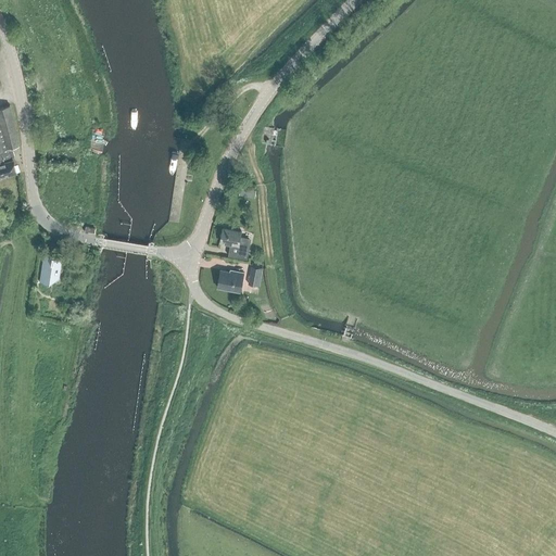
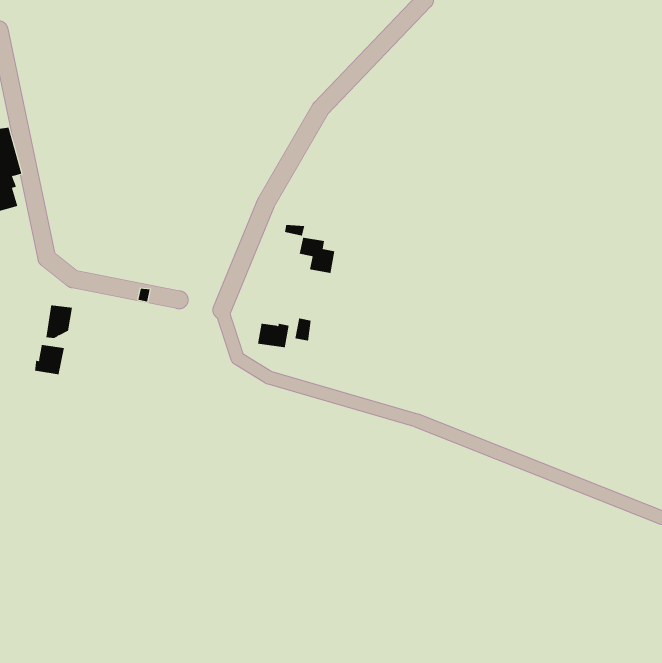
building: [218,228,249,258] -> [299,237,335,273]
building: none -> [35,344,65,375]

